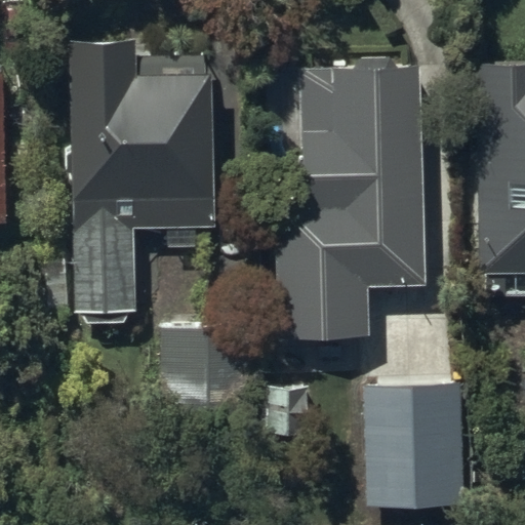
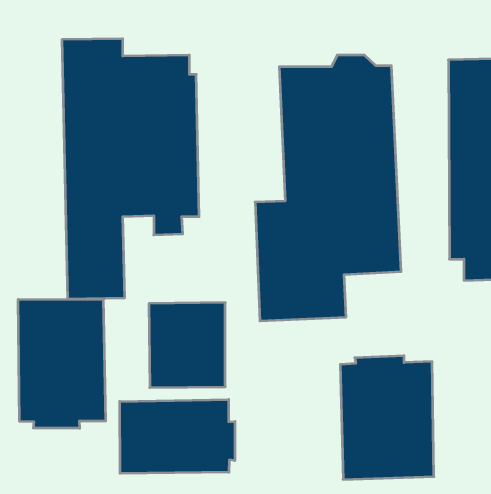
building: none -> [18,299,106,428]
building: none -> [120,399,235,473]

